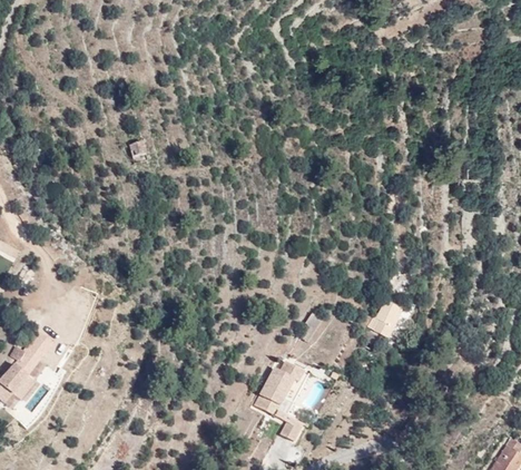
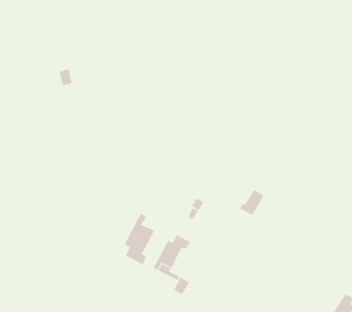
building: none -> [124,213,155,265]

